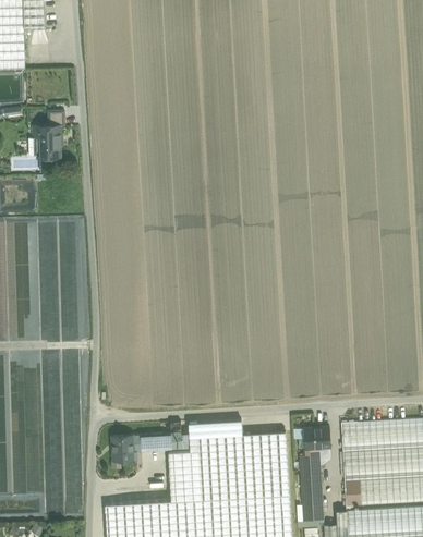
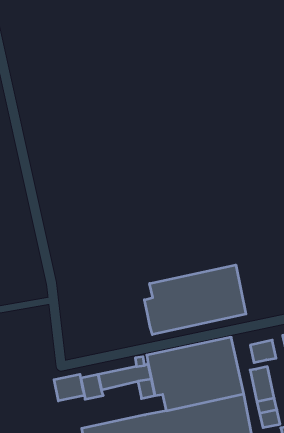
building: none -> [144,265,246,335]
building: none -> [54,374,84,401]
building: [176,471,201,490] -> none

